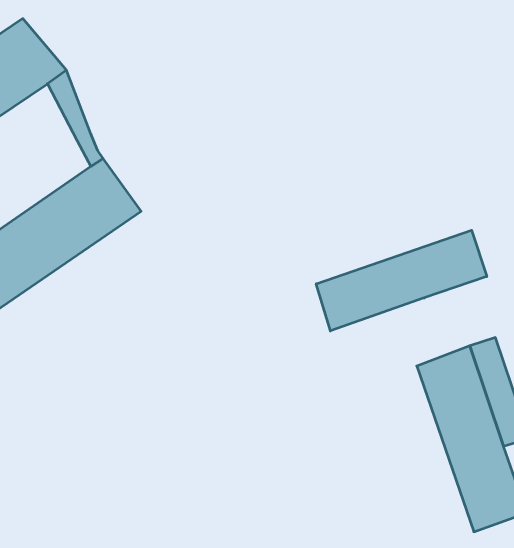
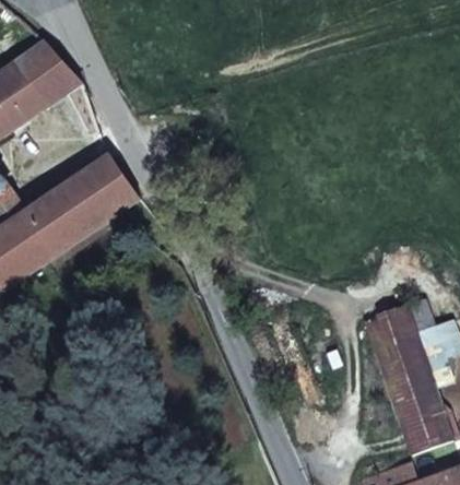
building: [316,230,487,331] -> none

